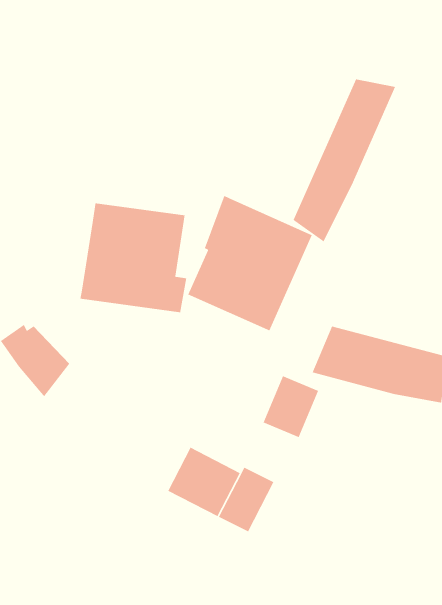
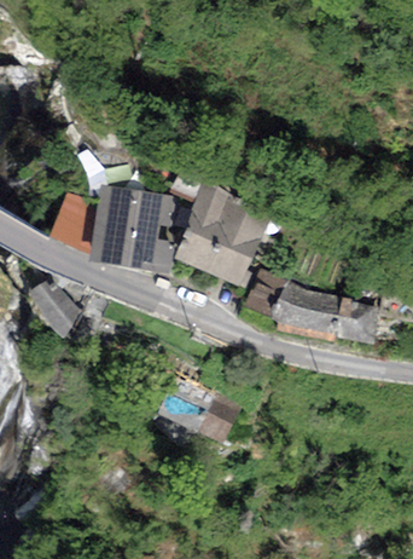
building: [293,79,396,243] -> none
building: none -> [48,192,99,254]
building: [262,375,319,438] -> [243,270,287,319]

